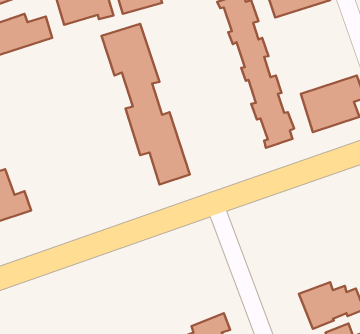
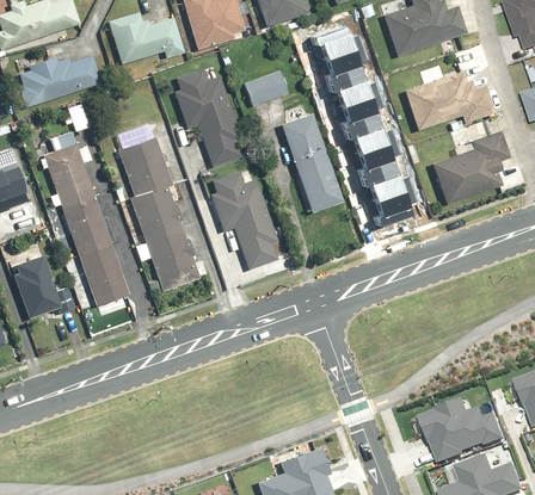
building: none -> [245,68,289,105]
building: none -> [402,68,494,130]
building: none -> [279,115,342,214]
building: none -> [43,130,127,307]
building: none -> [113,137,199,287]

